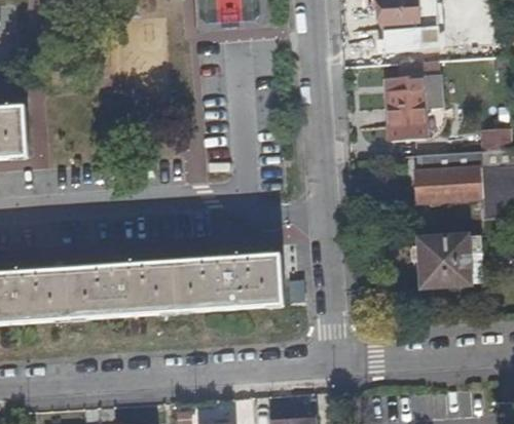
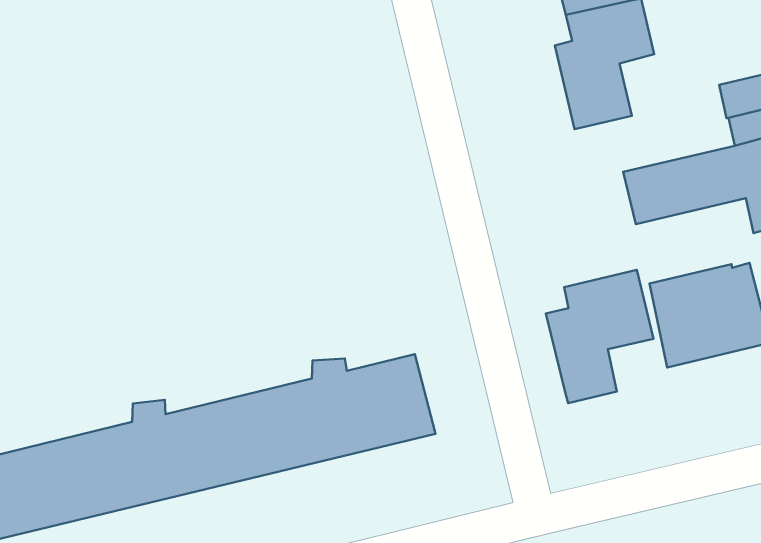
building: none -> [546,270,653,403]

